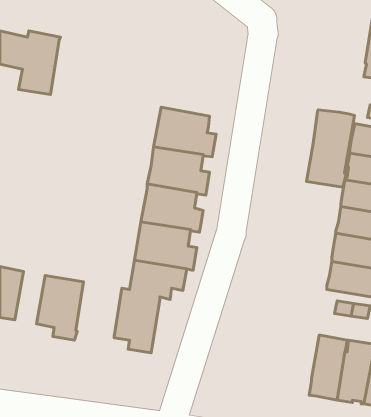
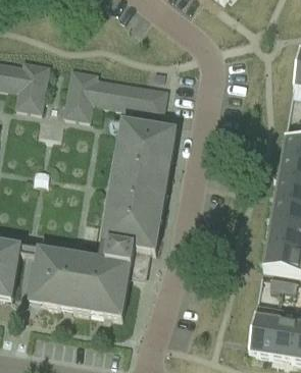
building: none -> [63,68,166,119]
building: [307,110,355,187] -> none
building: none -> [61,261,98,313]

